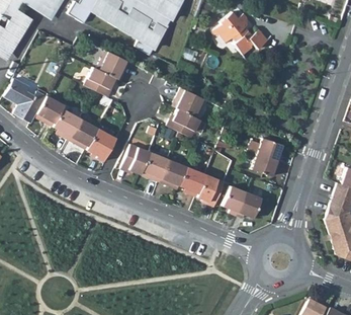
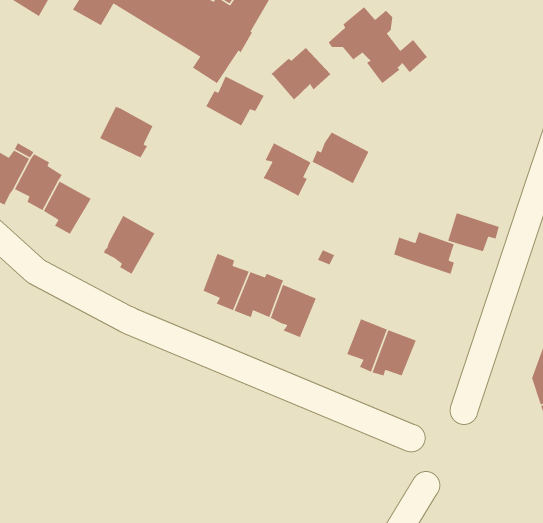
building: none -> [271,47,331,101]
building: [97,51,130,79] -> [205,76,265,126]
building: [168,108,200,138] -> [312,131,370,184]
building: [69,119,99,146] -> none
building: [121,144,150,173] -> none
building: [252,153,281,175] -> [447,212,500,252]
building: [197,174,225,207] -> none

